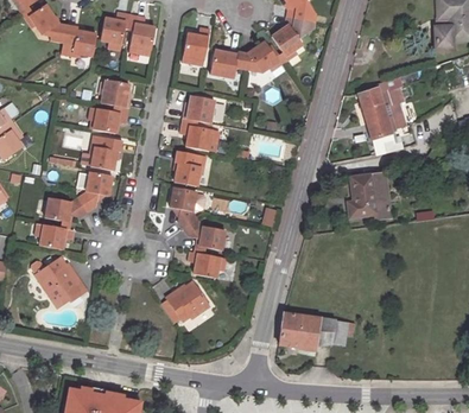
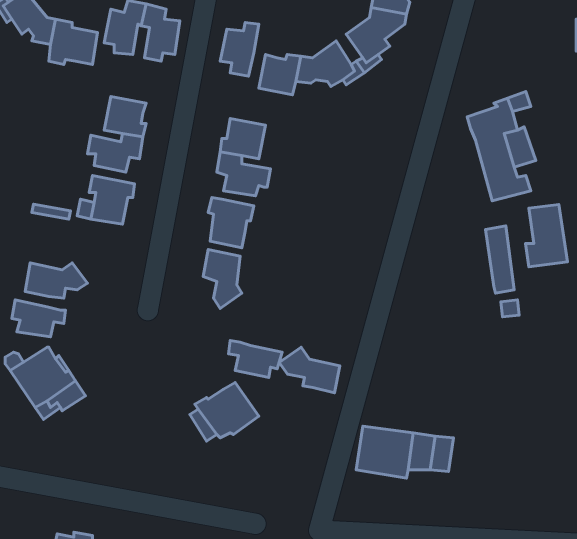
building: [78,171,113,211] -> none
building: [347,173,376,217] -> [525,205,567,267]
building: [183,218,226,250] -> [279,347,340,393]

